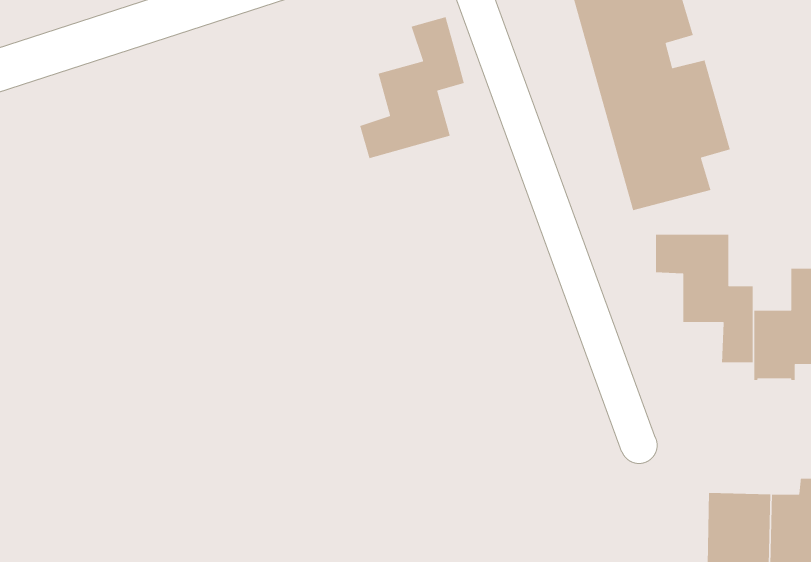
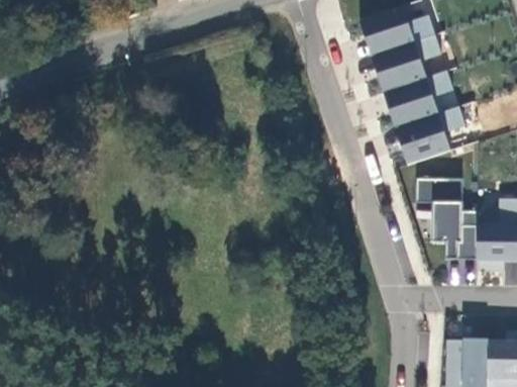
building: [359,16,465,159] -> none

